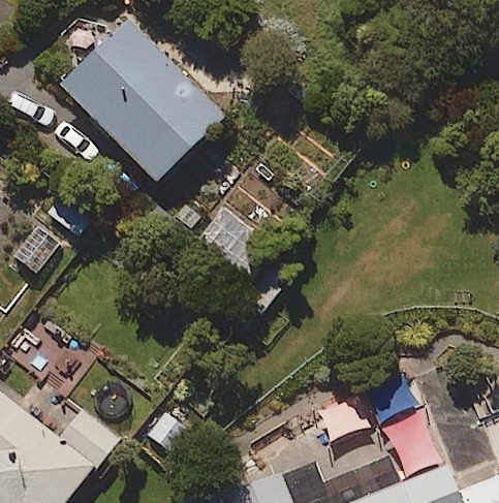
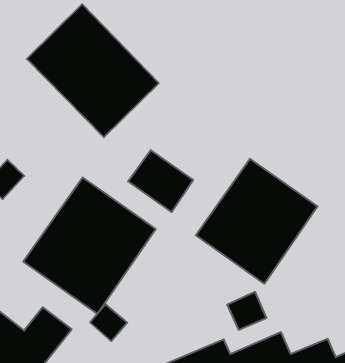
building: none -> [196,159,318,284]
building: none -> [23,177,156,314]

